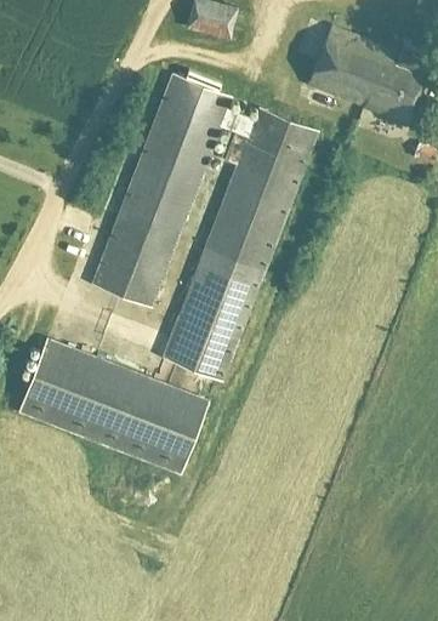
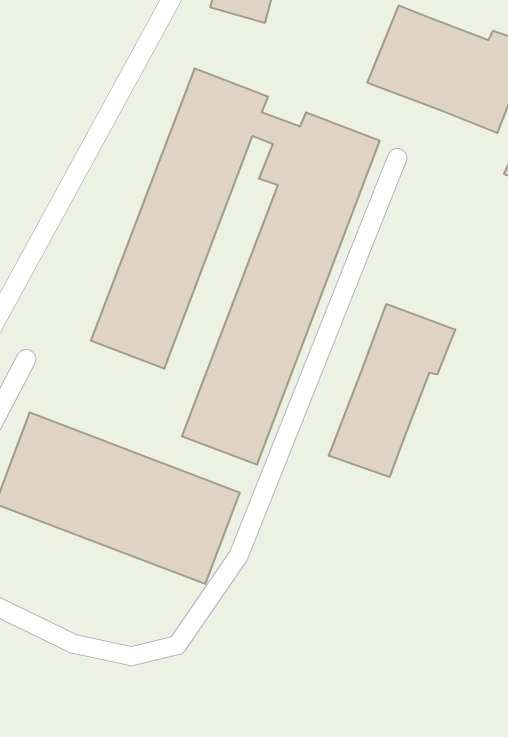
building: none -> [329,304,455,477]

